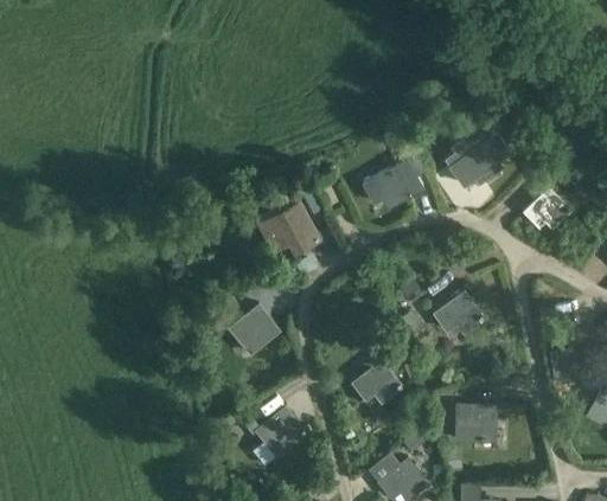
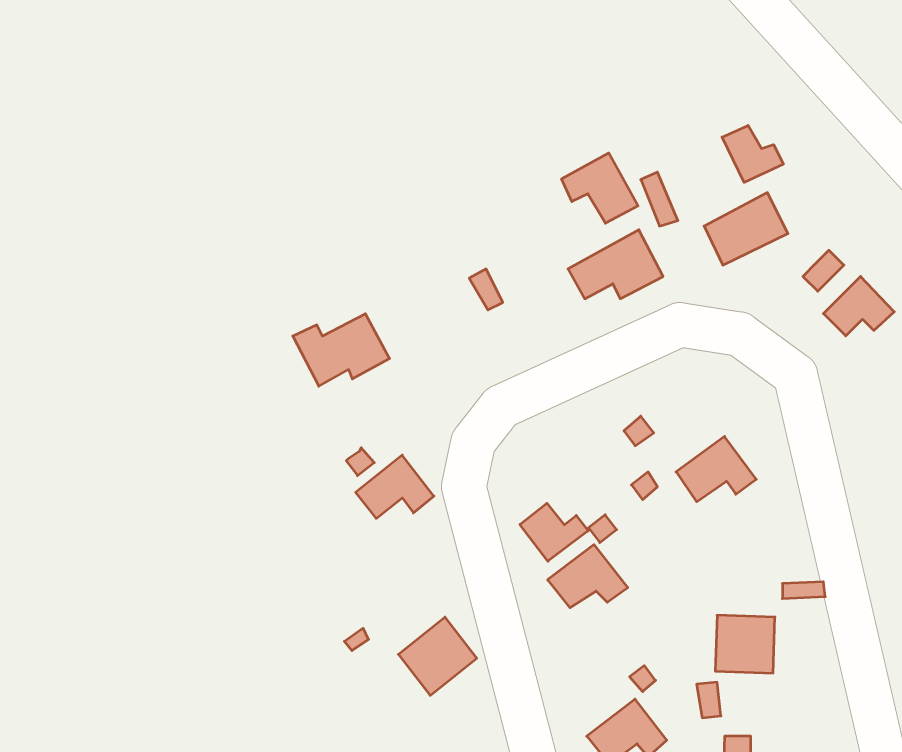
building: none -> [722,125,783,182]
building: none -> [562,153,638,223]
building: [257,210,319,256] -> [293,314,390,386]
building: none -> [520,503,588,561]

